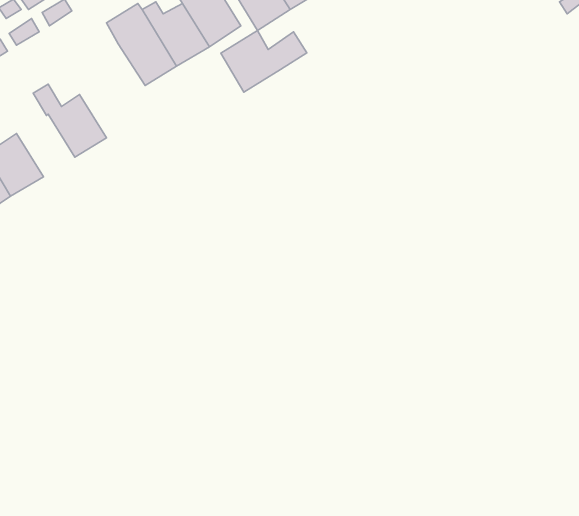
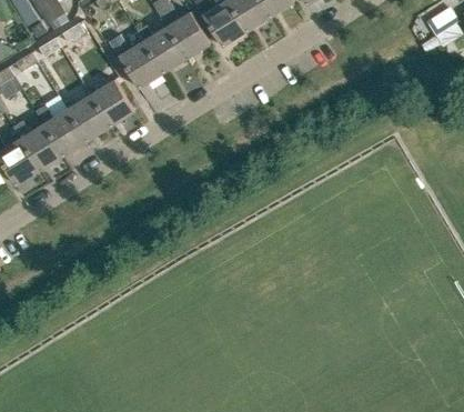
building: [221,30,307,92] -> none
building: none -> [90,80,134,127]
building: none -> [37,107,87,155]

